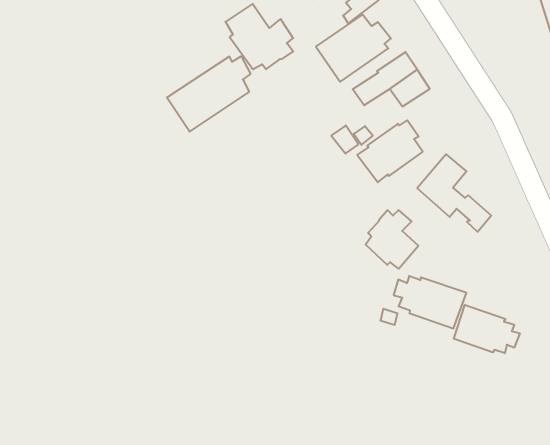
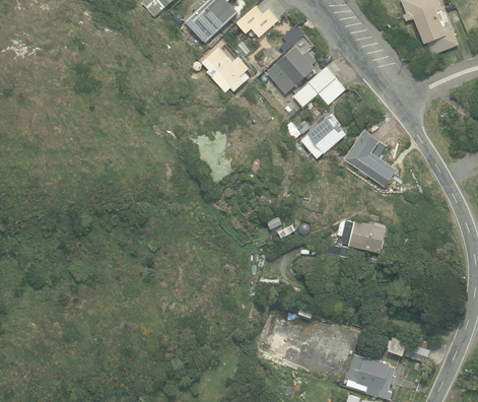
building: [167,56,250,132] -> none
building: [366,210,418,269] -> none
building: [454,305,520,353] -> none

